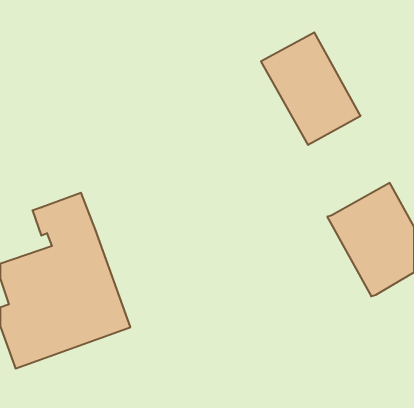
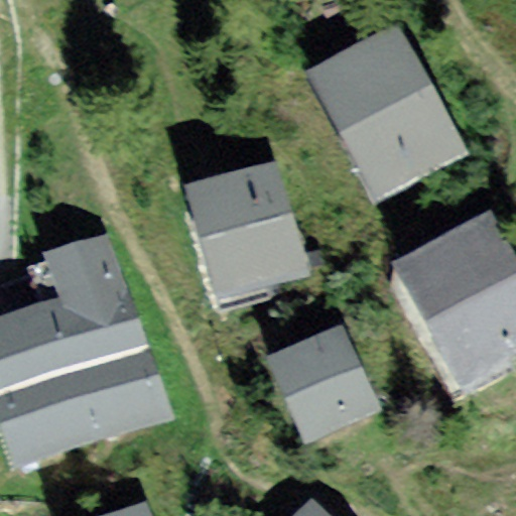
building: none -> [203,172,297,285]
building: none -> [282,337,366,425]

